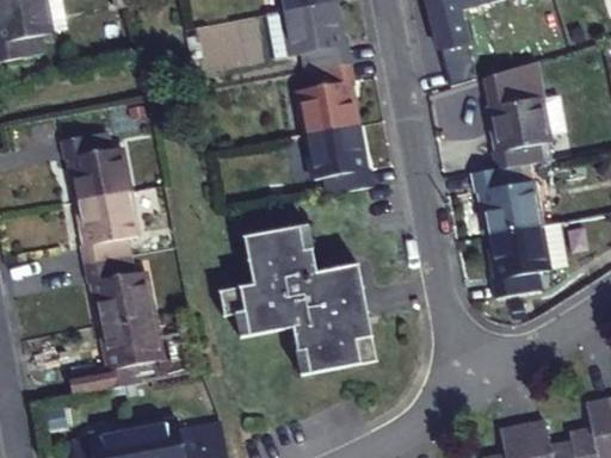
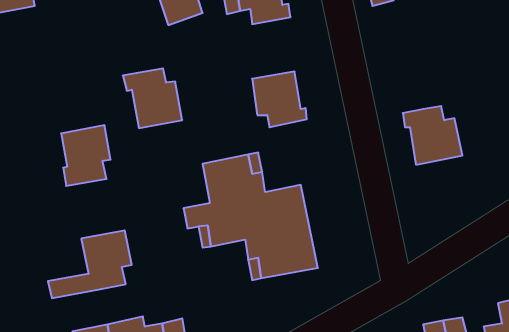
building: [492,62,570,173] -> none
building: [294,64,351,137] -> none
building: [56,131,126,202] -> [123,68,182,128]
building: [494,224,575,301] -> none
building: [81,255,150,326] -> none

